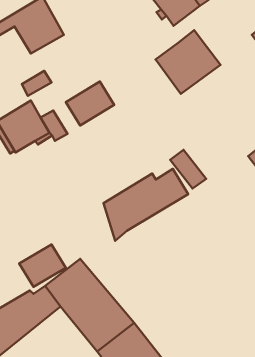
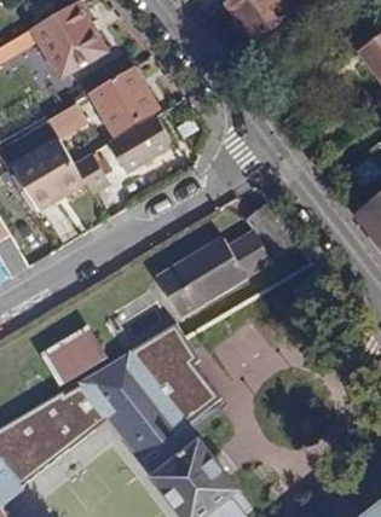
building: [156,30,221,94] -> none
building: none -> [93,74,156,133]
building: none -> [127,315,218,419]

